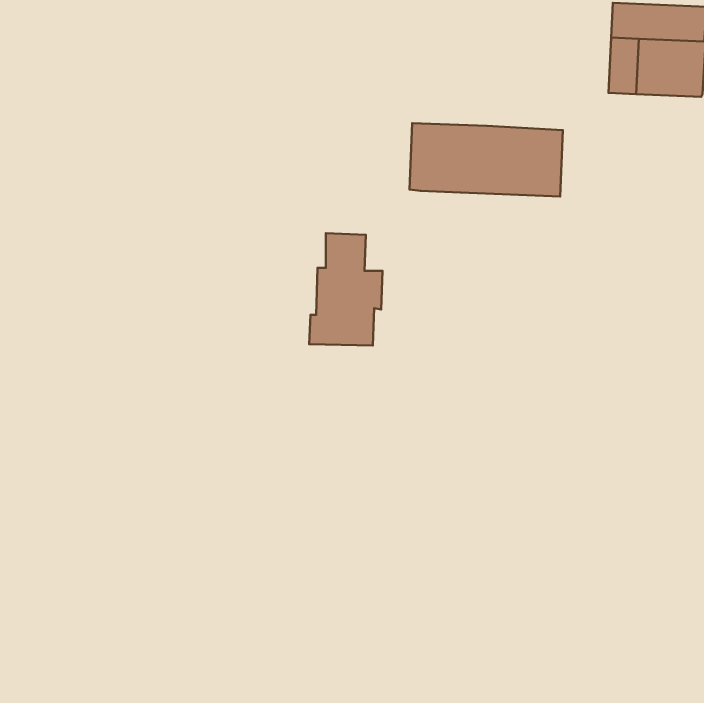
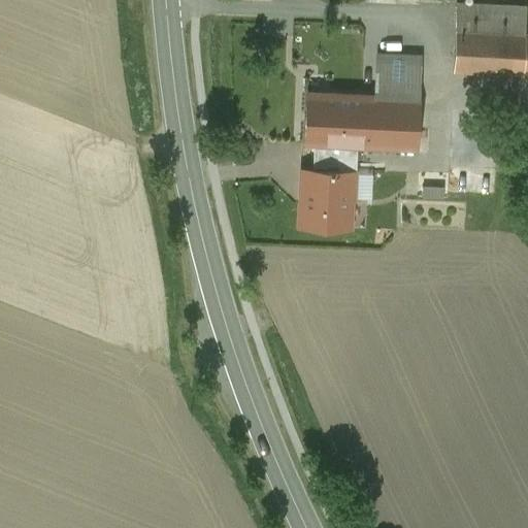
building: none -> [365,57,424,100]
building: [309,233,382,345] -> [303,145,358,229]

